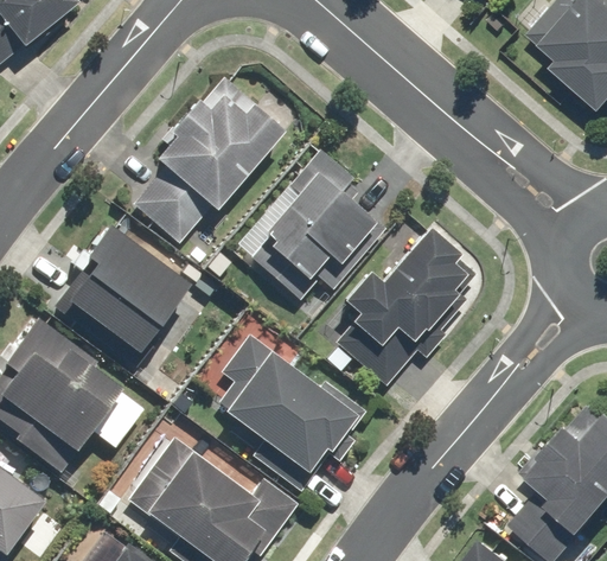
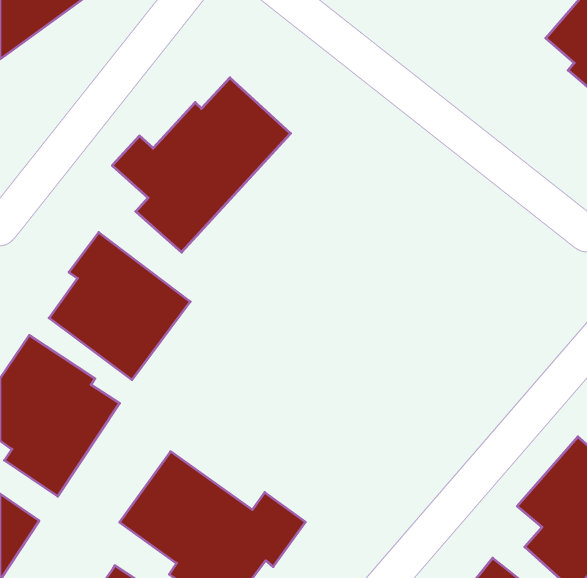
building: [236,149,373,302] -> none
building: [332,225,466,387] -> none
building: [216,331,366,491] -> none

